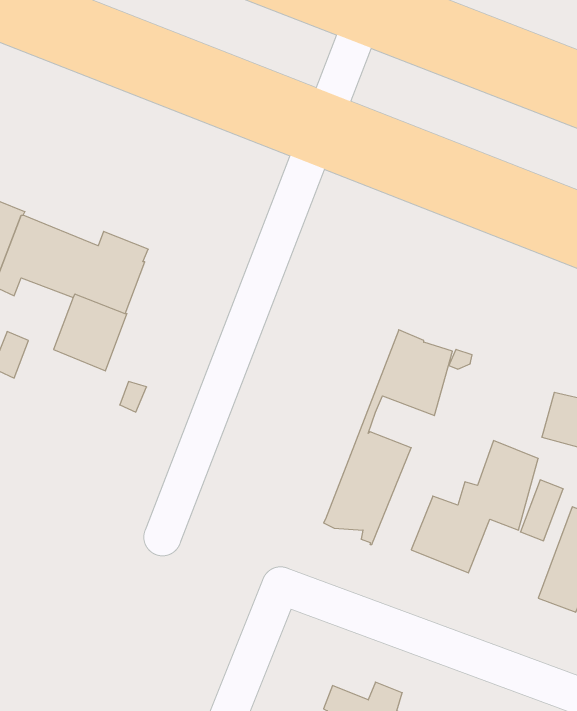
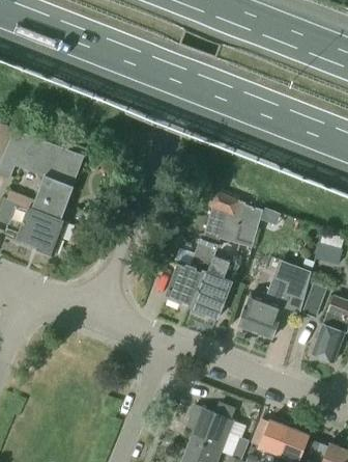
building: none -> [166,191,231,307]
building: none -> [16,208,66,255]

